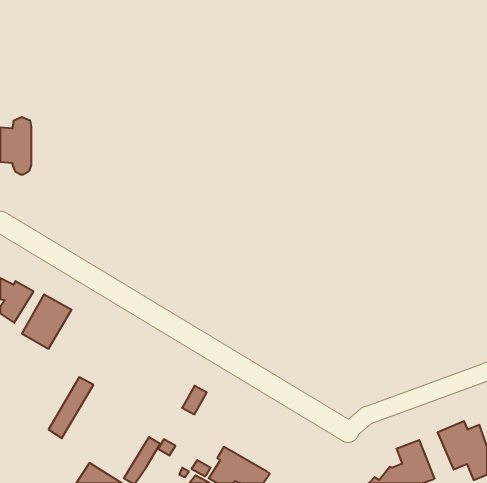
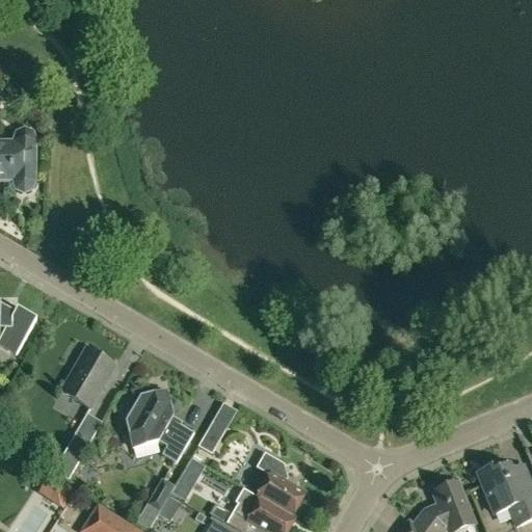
building: [22,294,72,349] -> [61,347,115,406]
building: none -> [126,389,194,461]
building: none -> [256,451,303,514]

